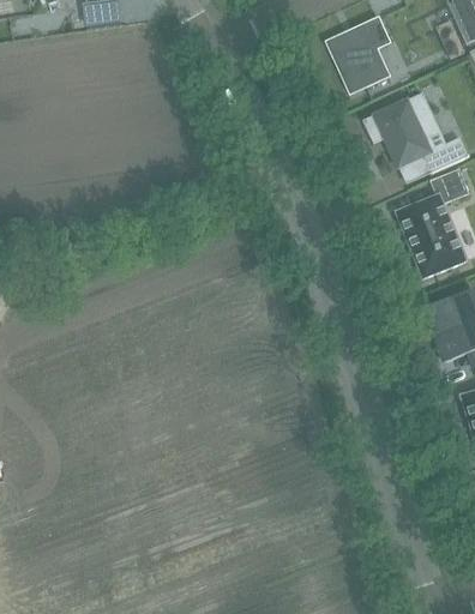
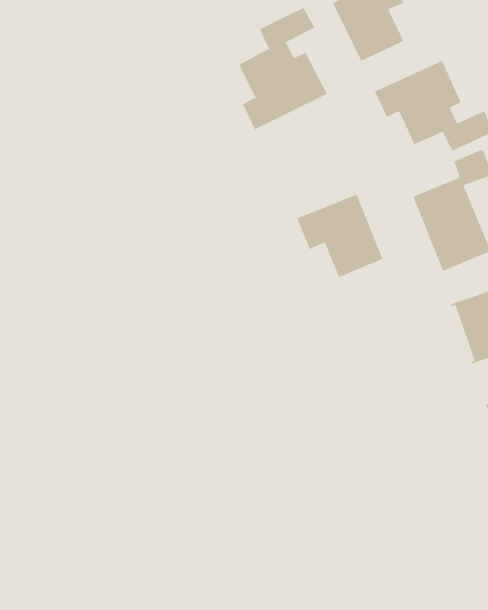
building: none -> [239,6,327,130]
building: none -> [296,194,383,278]

